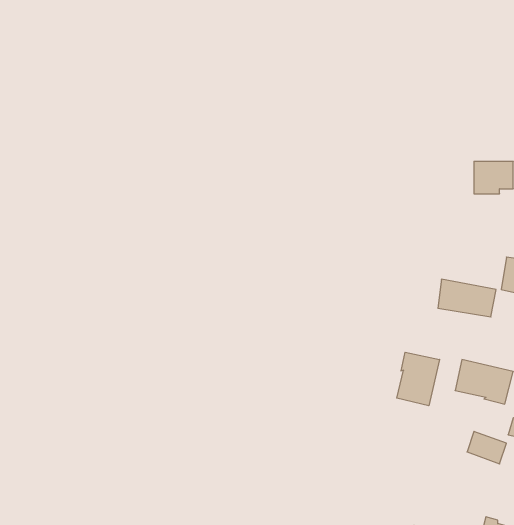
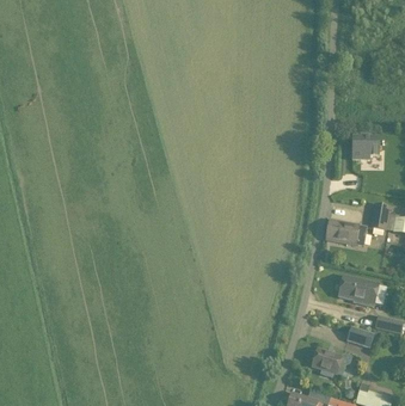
building: [397,352,440,406] -> none
building: none -> [312,347,351,376]

